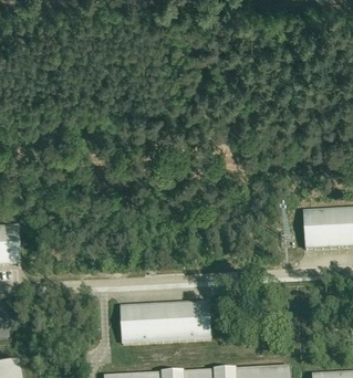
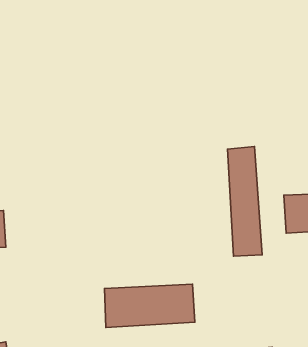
building: none -> [228,146,262,256]

